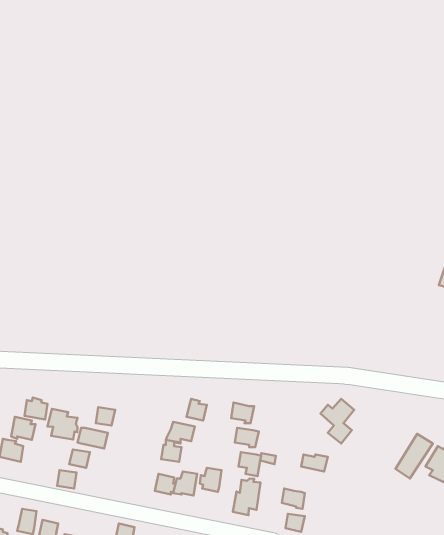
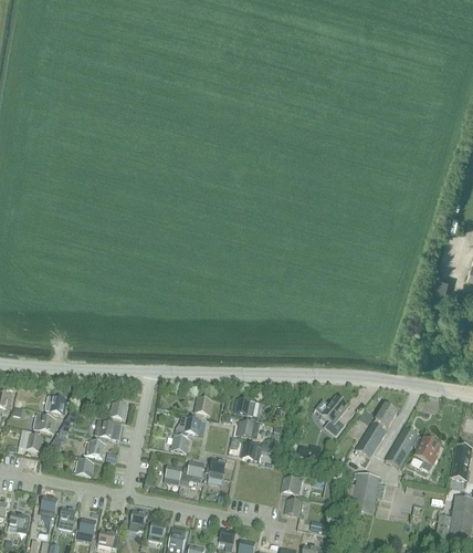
building: none -> [355,404,397,457]
building: [48,409,78,439] -> none
building: [233,479,260,515] -> none
building: none -> [350,473,379,514]

